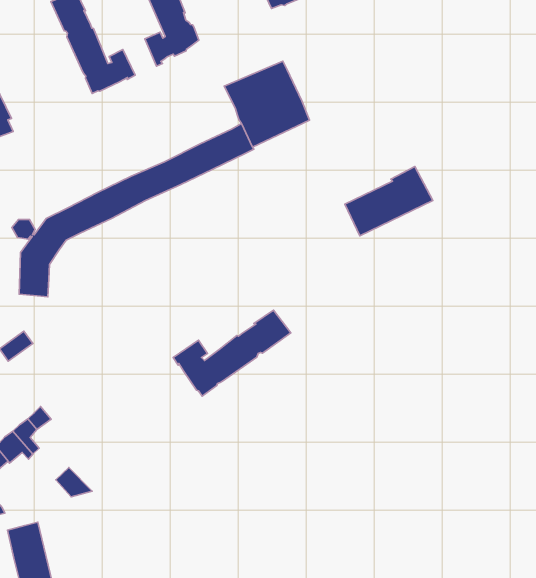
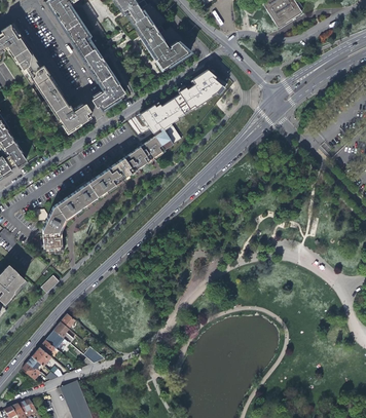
building: [345,167,433,236] -> [176,73,225,117]
building: [173,310,291,396] -> none

